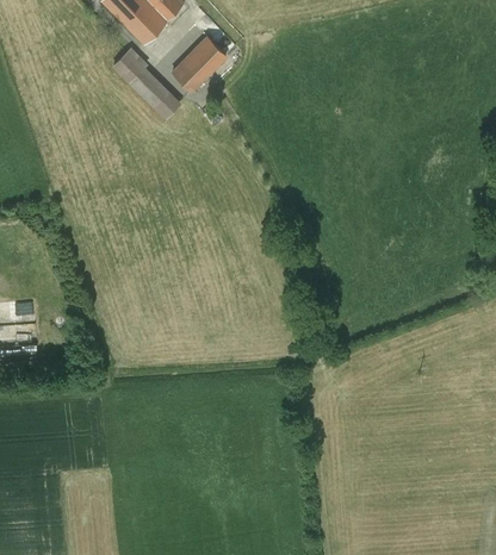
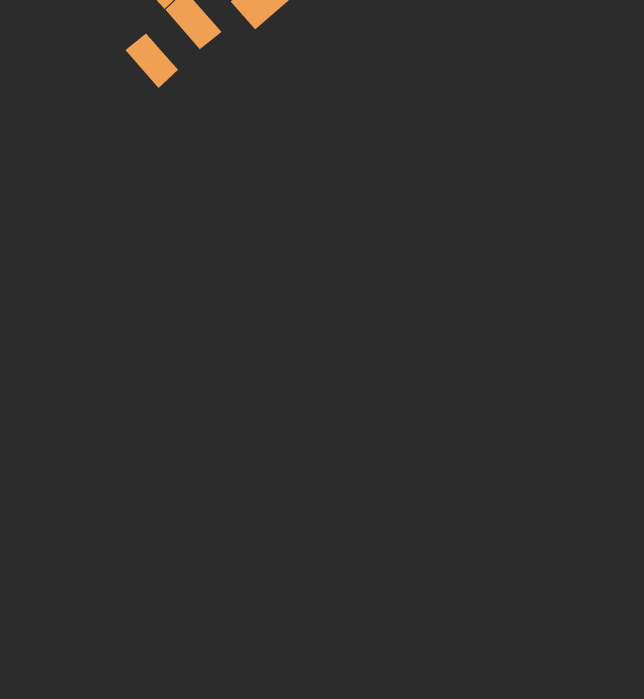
building: none -> [124,32,179,89]

